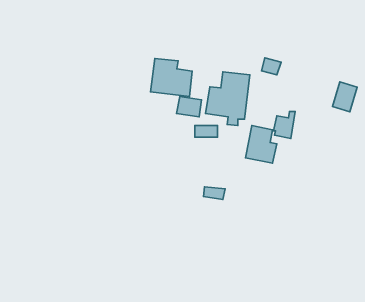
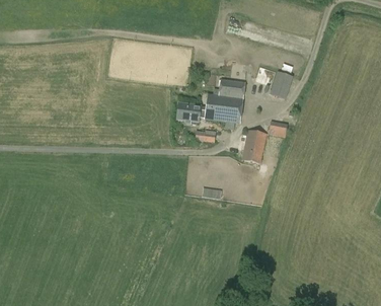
building: [151,59,192,97] -> none
building: [332,82,357,112] -> [270,70,293,98]

